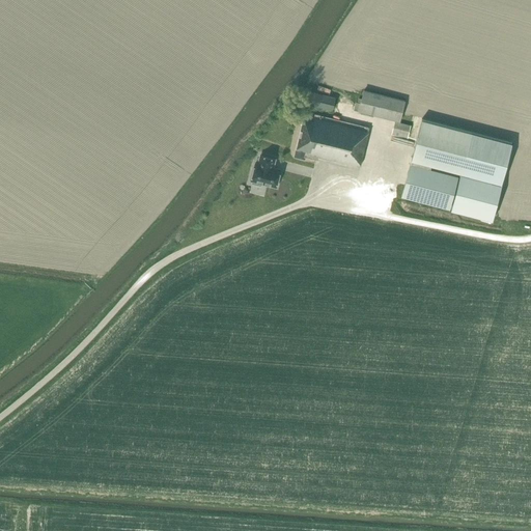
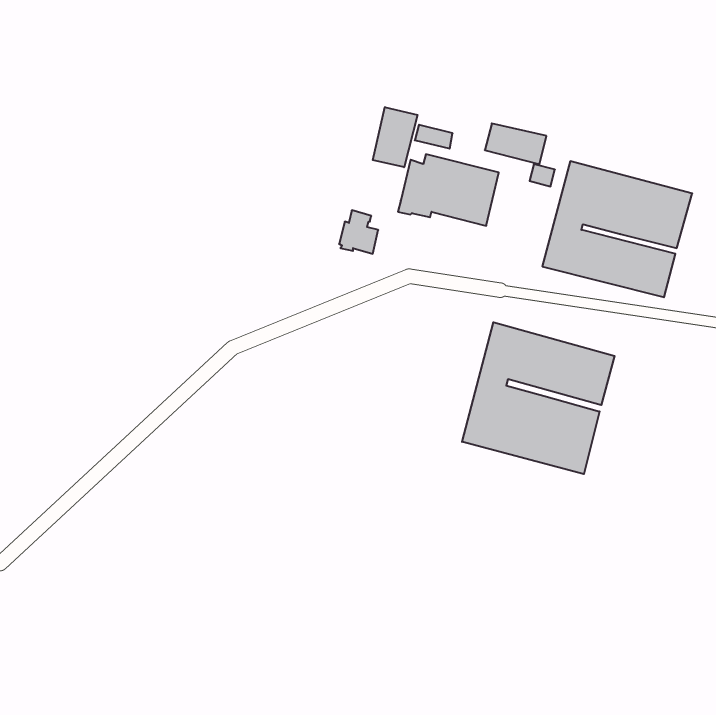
building: none -> [373,107,418,167]
building: none -> [462,322,615,474]

